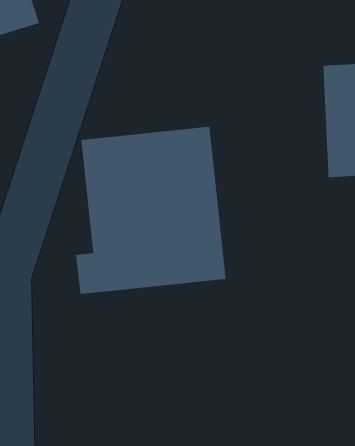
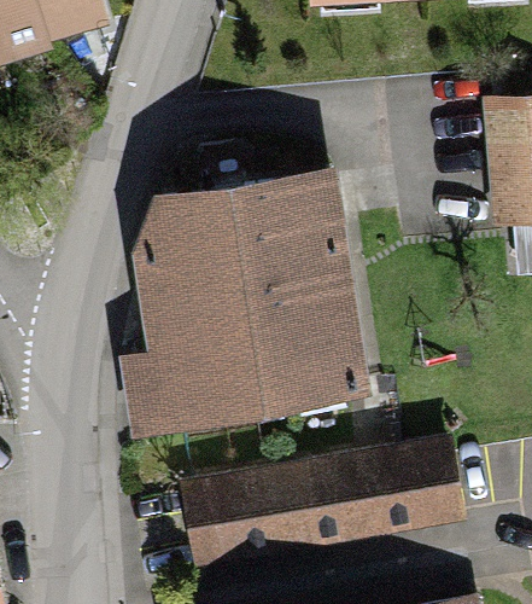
building: none -> [185,436,468,563]

